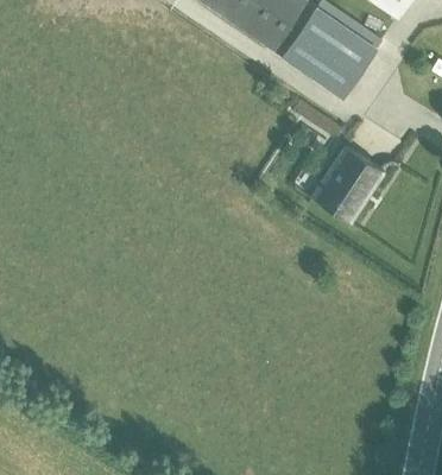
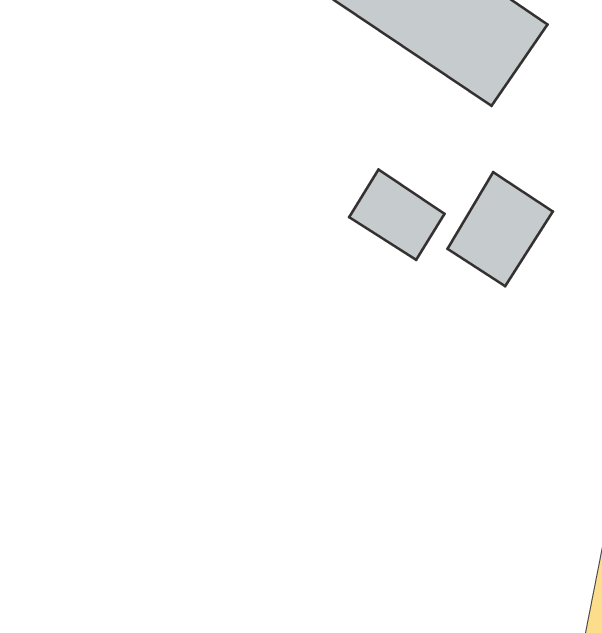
building: none -> [349,170,445,260]

